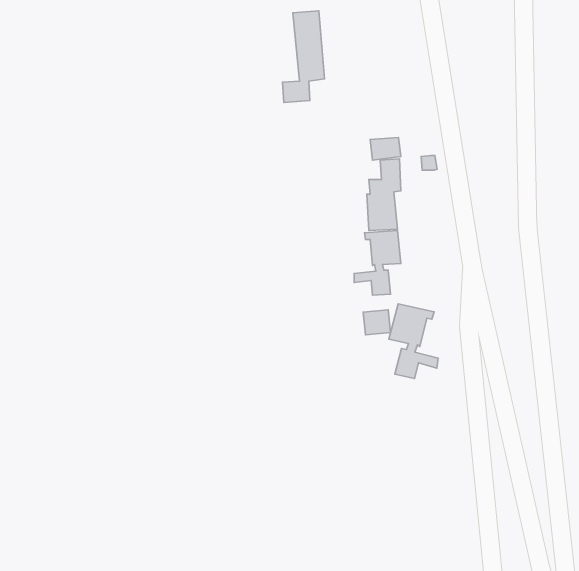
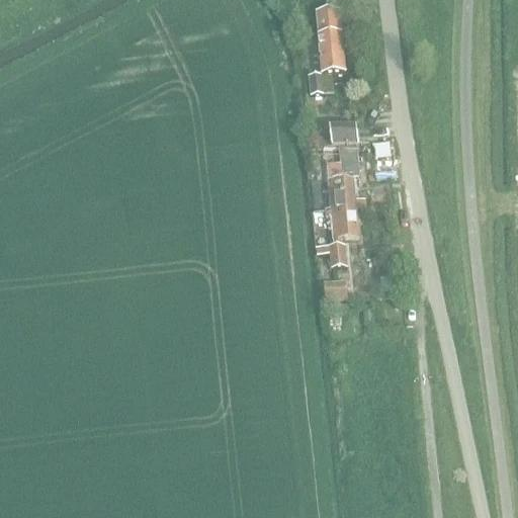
building: [283,11,325,103] -> [308,9,345,91]
building: [389,304,438,379] -> none

